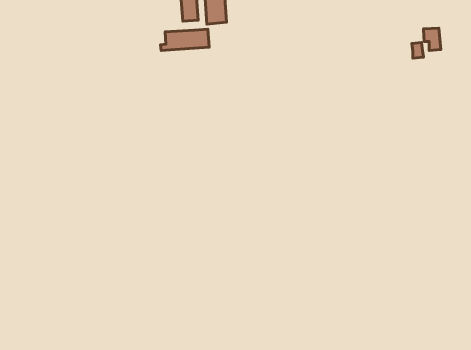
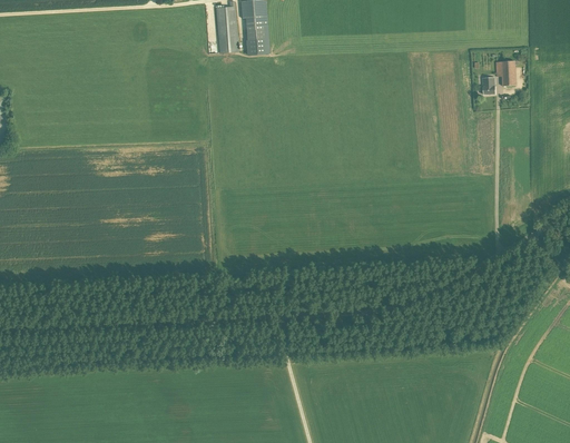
building: [160,29,209,50] -> none

